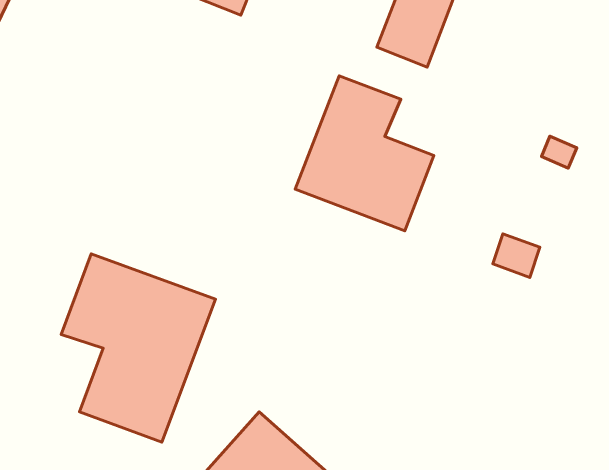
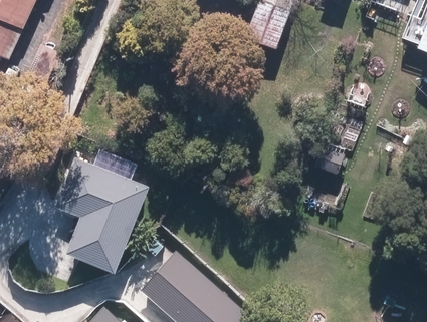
building: [295,76,434,231] -> none

